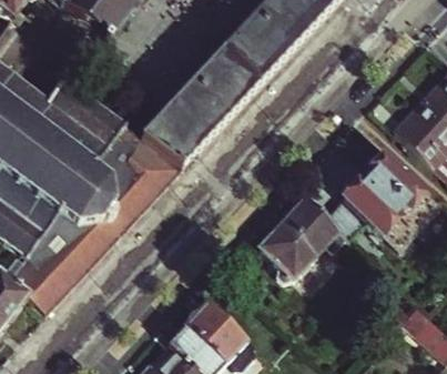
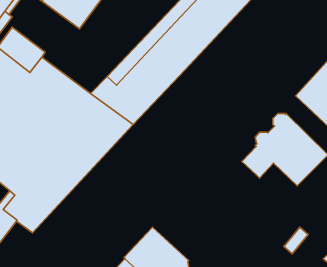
building: [258,200,343,280] -> none

